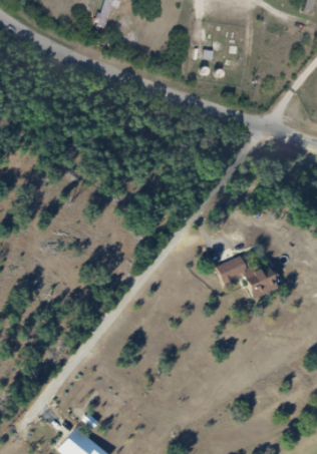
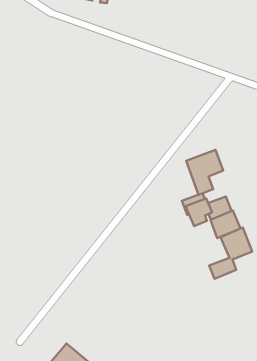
building: none -> [186,150,223,195]
building: none -> [209,228,252,279]

